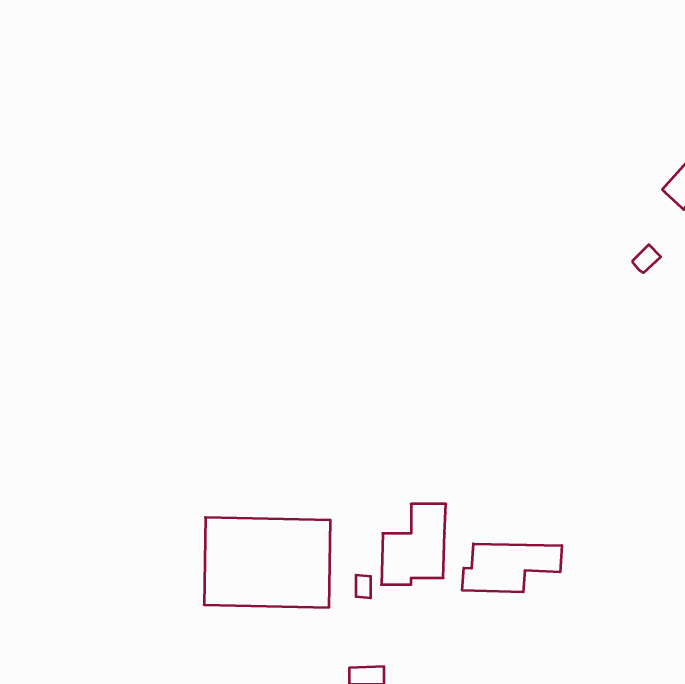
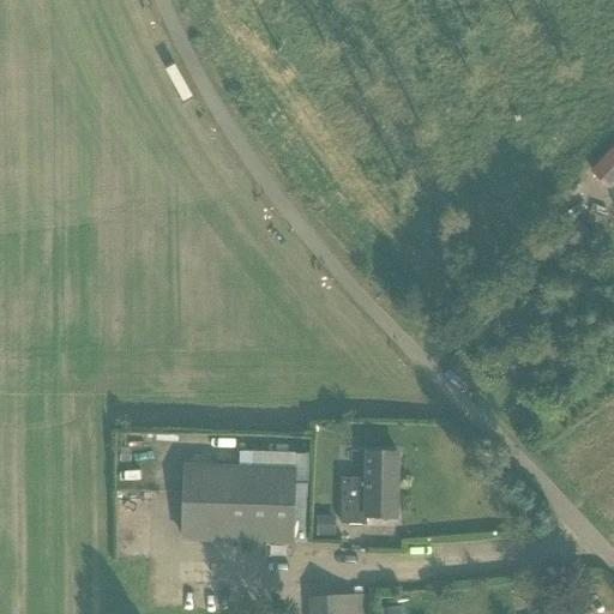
building: [462,544,562,592] -> none

